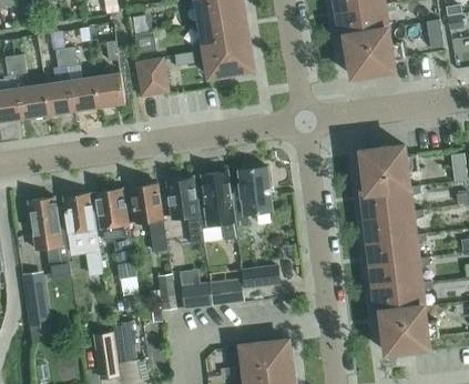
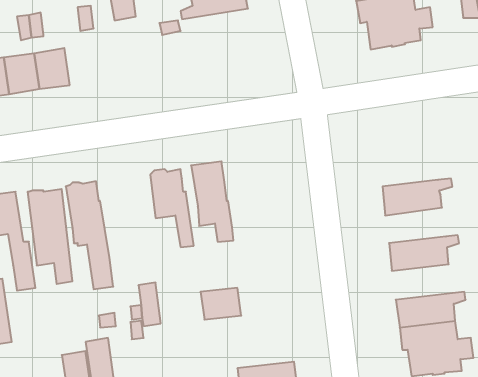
building: [193,43,253,78] -> none
building: [135,58,169,97] -> none
building: [94,73,124,108] -> none
building: [359,145,418,193] -> none
building: [228,166,272,228] -> none
building: [130,184,166,252] -> none
building: [364,210,422,241] -> none
building: [369,257,428,289] -> none
building: [241,264,281,289] -> none
building: [181,283,210,309] -> none

